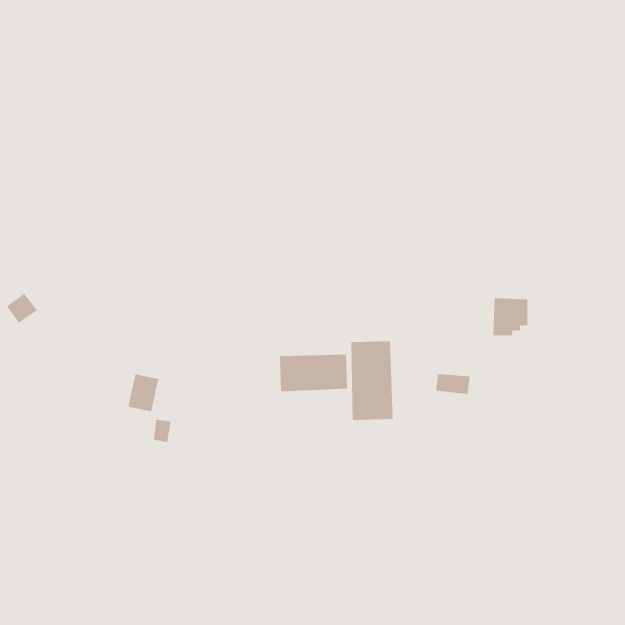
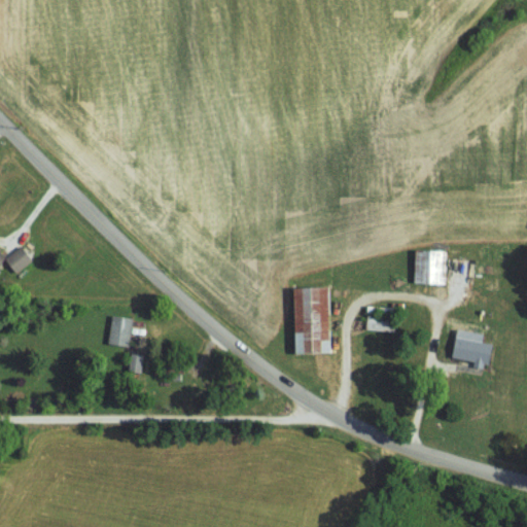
building: [279,354,348,392] -> none
building: none -> [452,337,492,370]

